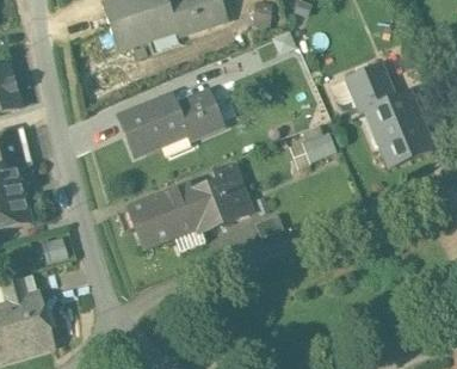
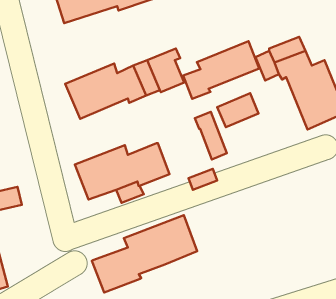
building: none -> [183,41,259,99]
building: [216,165,252,219] -> [195,112,227,160]
building: none -> [92,215,197,292]

